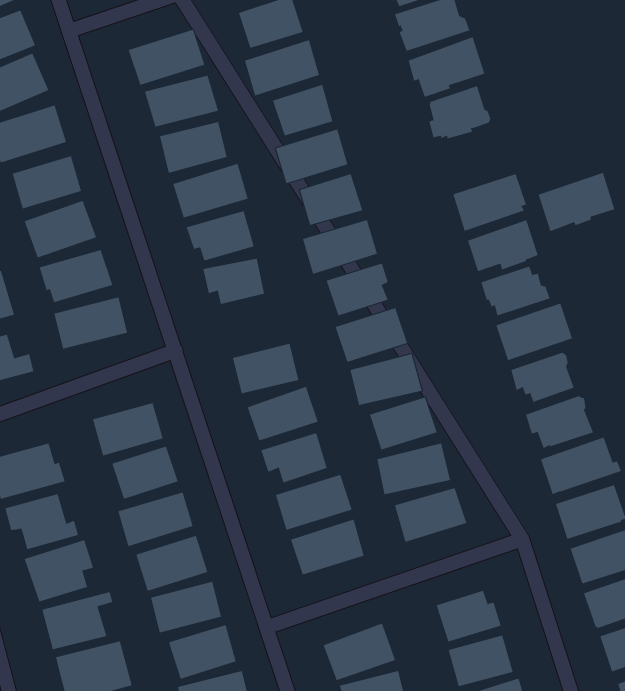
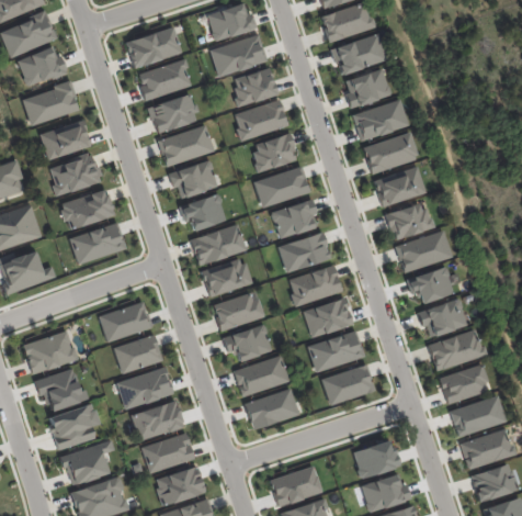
building: [538,172,615,232] -> [353,99,410,143]
building: none -> [190,224,247,266]

